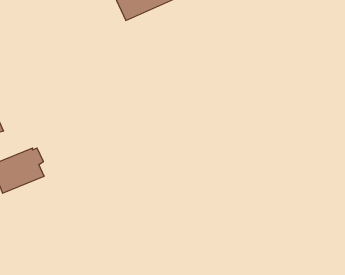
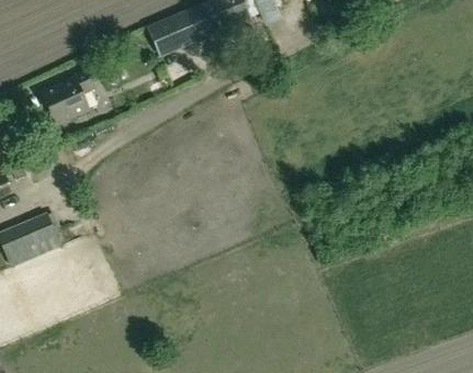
building: none -> [41,71,94,126]

